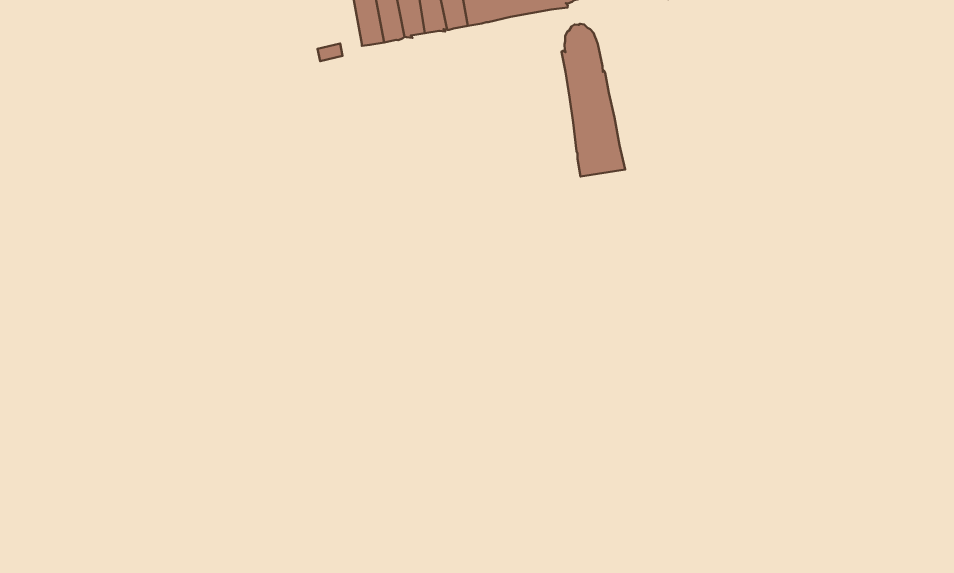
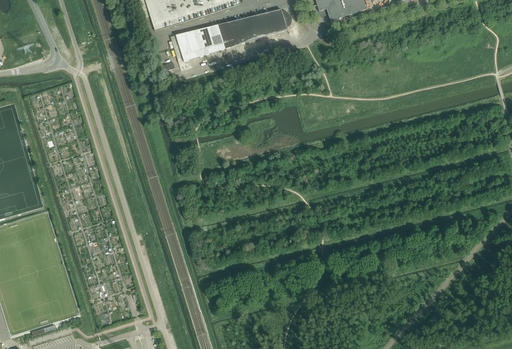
building: [562,24,625,177] -> none

